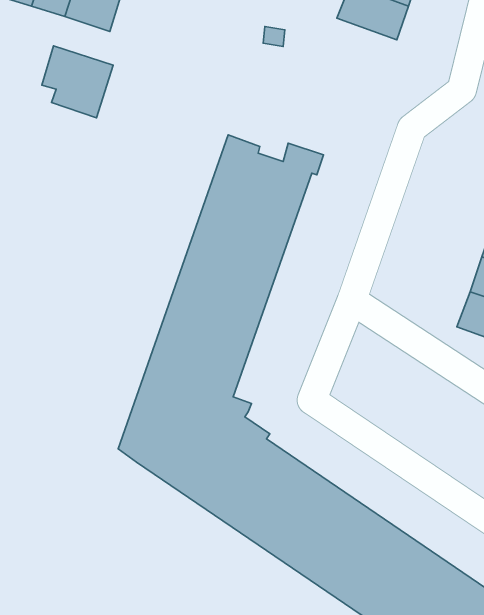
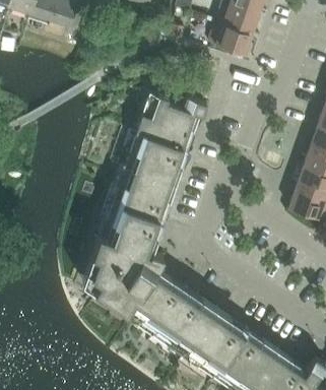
building: none -> [207,19,251,54]
building: [42,46,113,118] -> none

